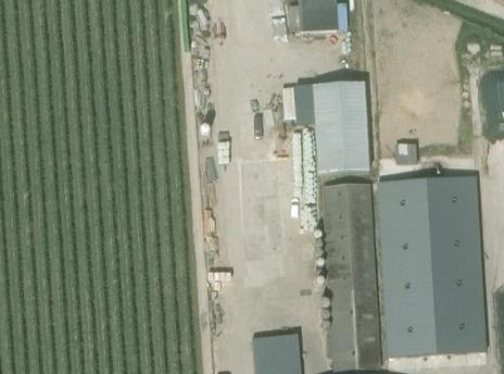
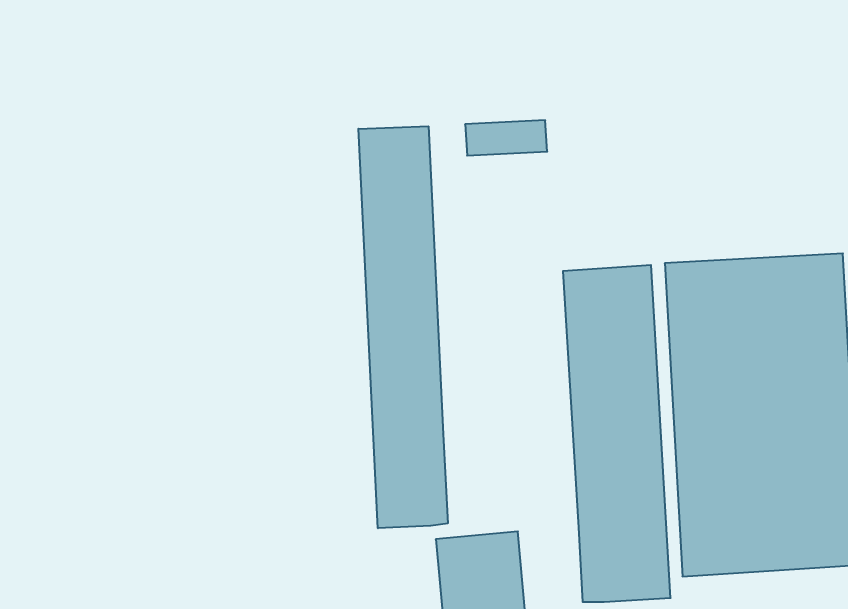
building: [313,80,370,173] -> none
building: none -> [358,126,448,528]

